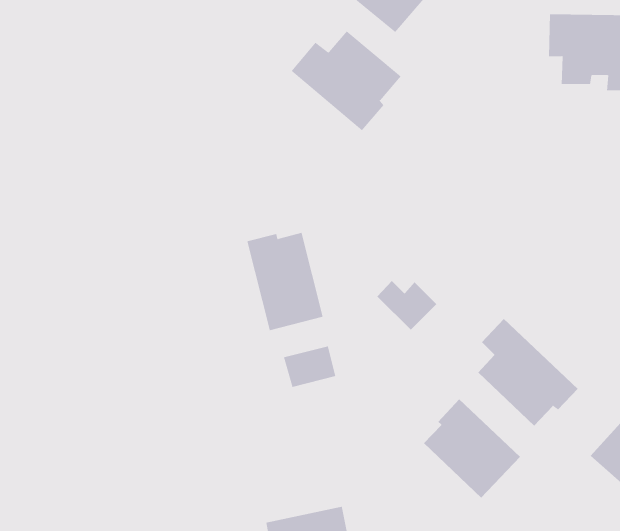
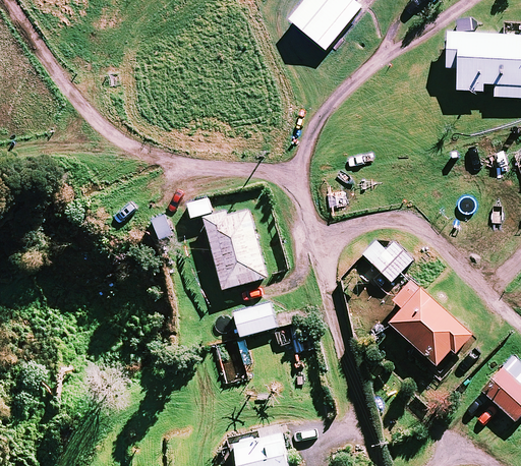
building: [291,30,401,131] -> none
building: [377,280,437,331] -> [363,239,412,280]
building: [423,398,521,498] -> none

